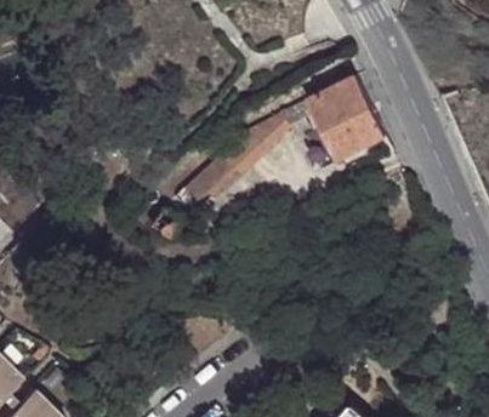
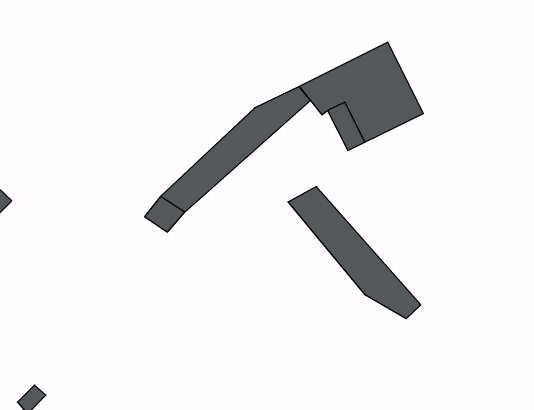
building: none -> [288,187,421,319]

